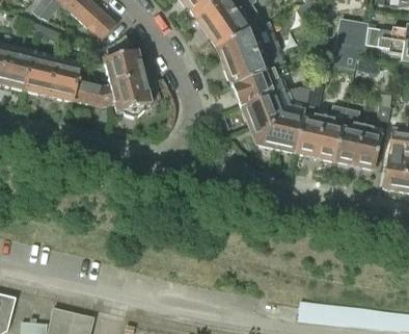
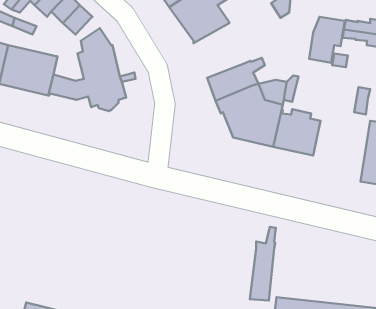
building: [218,30,280,84] -> none
building: [336,108,382,170] -> none
building: none -> [250,227,276,300]

